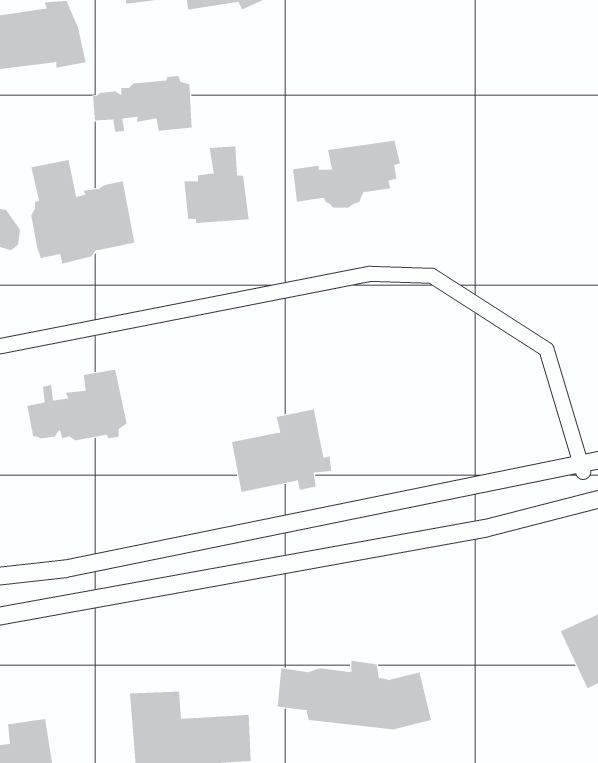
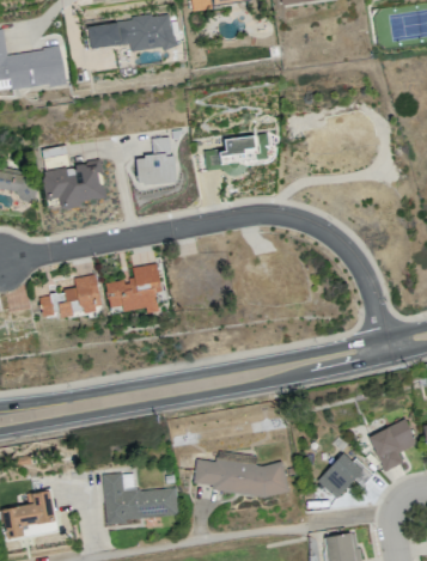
building: [92,75,192,132] -> none
building: [231,409,332,492] -> [104,262,166,313]
building: none -> [316,452,372,499]

